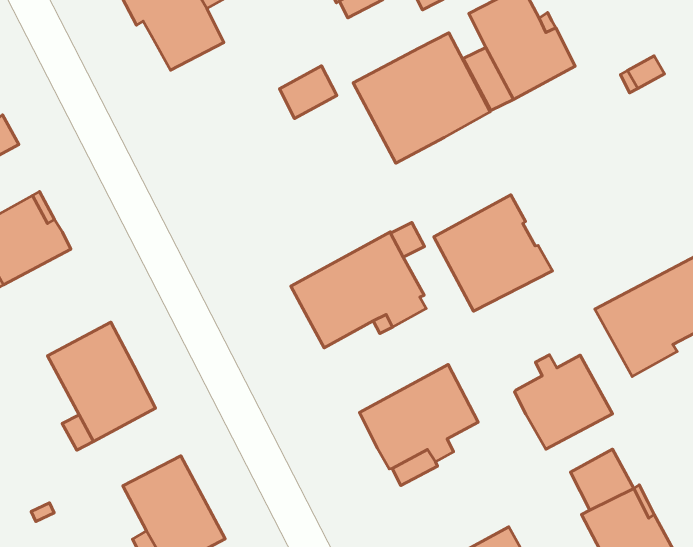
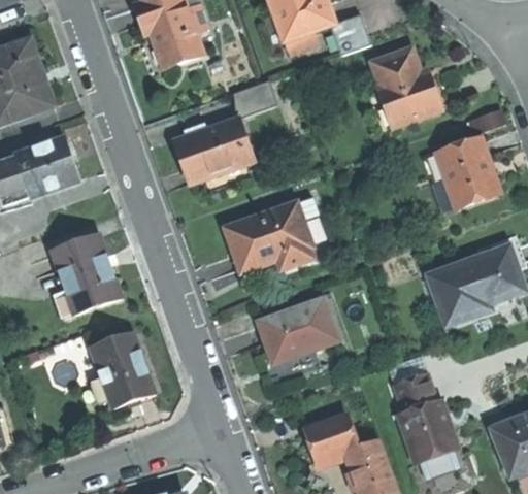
building: [353,33,490,163] -> none
building: none -> [174,118,253,184]
building: [434,195,553,311] -> [424,134,501,209]
building: [514,355,612,449] -> none

